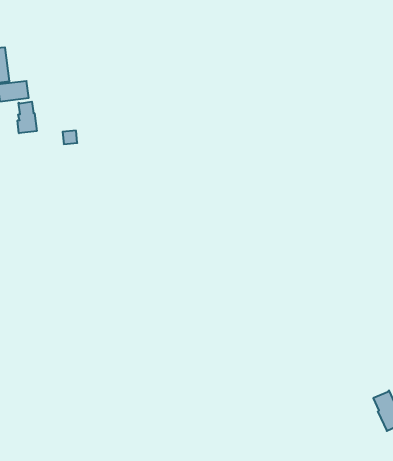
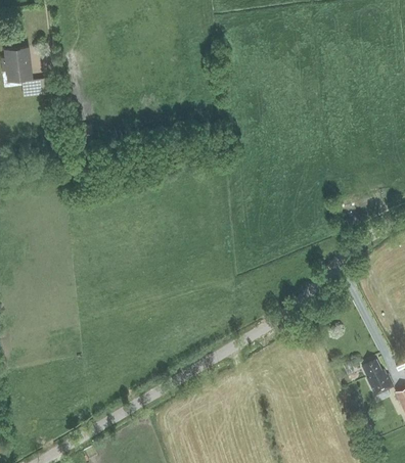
building: [18,102,37,133] -> none

